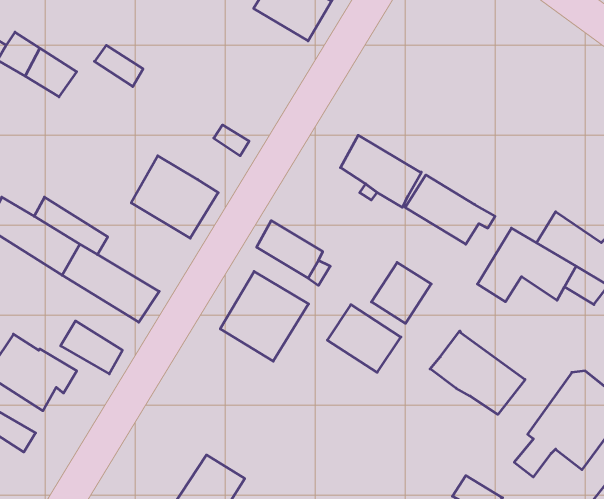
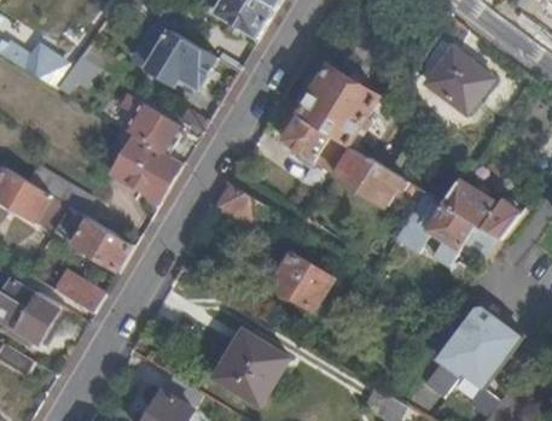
building: none -> [132,21,215,84]
building: none -> [424,49,490,115]
building: none -> [296,68,377,146]
building: none -> [121,95,179,152]
building: [371,262,431,323] -> none
building: [220,271,309,361] -> [214,332,286,405]
building: [430,331,525,414] -> none

